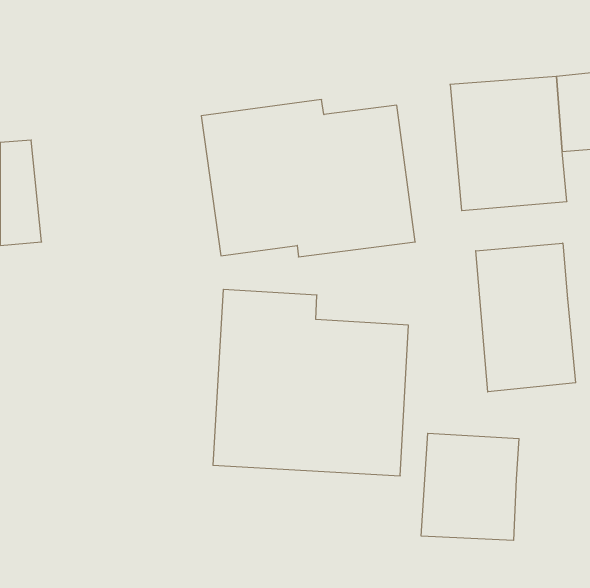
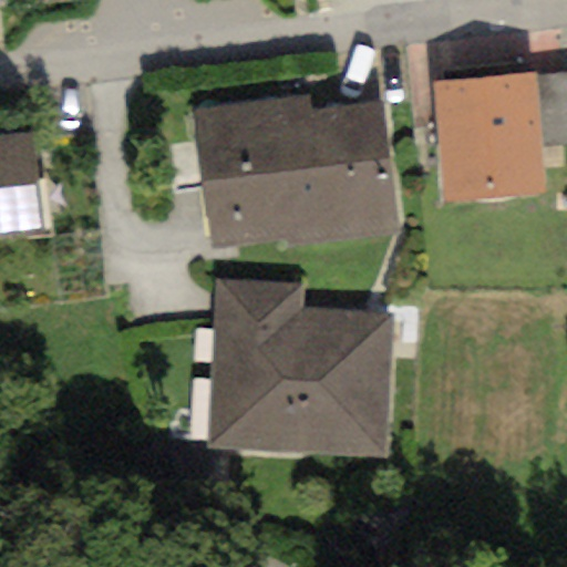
building: [476,243,576,392] -> none
building: [421,433,519,540] -> none

